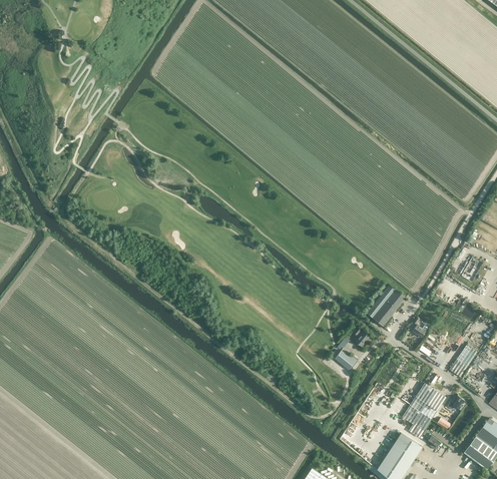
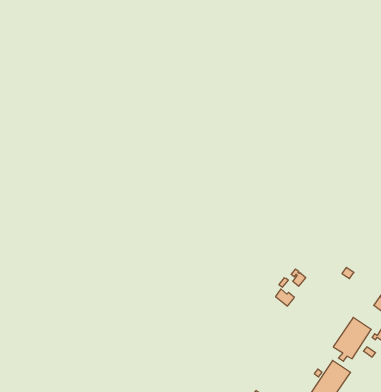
building: [367,286,406,327] -> none

